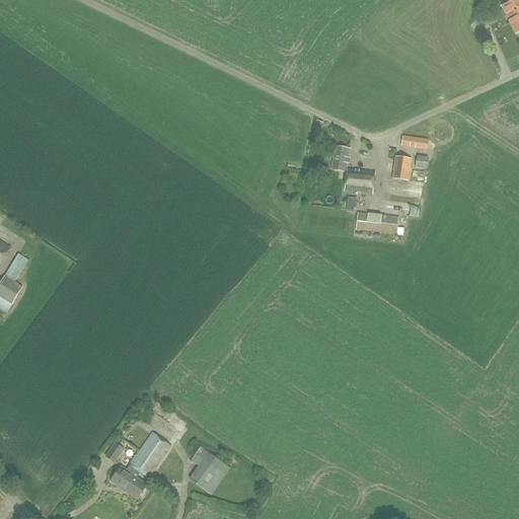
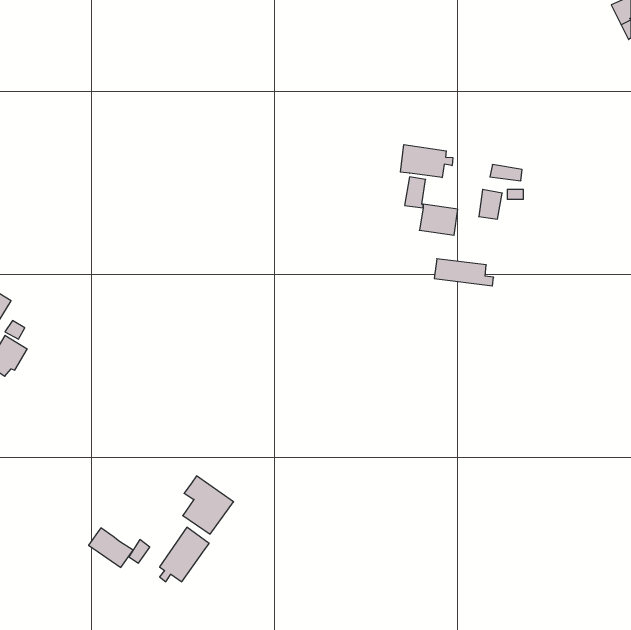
building: none -> [400,145,453,178]
building: [189,445,230,493] -> [183,476,234,534]
building: [110,465,147,498] -> [89,528,133,567]

